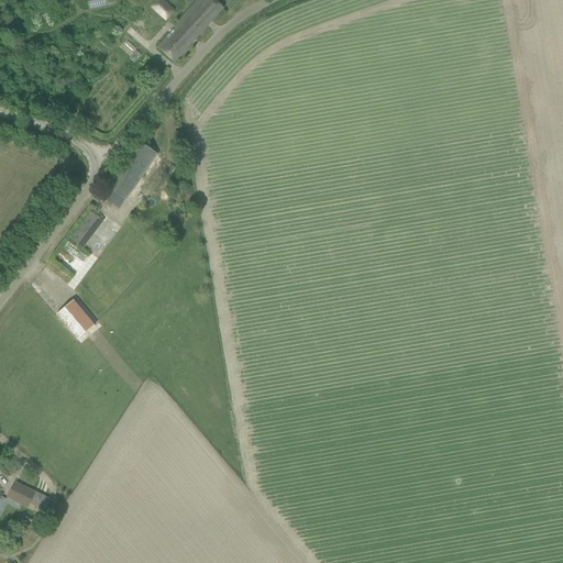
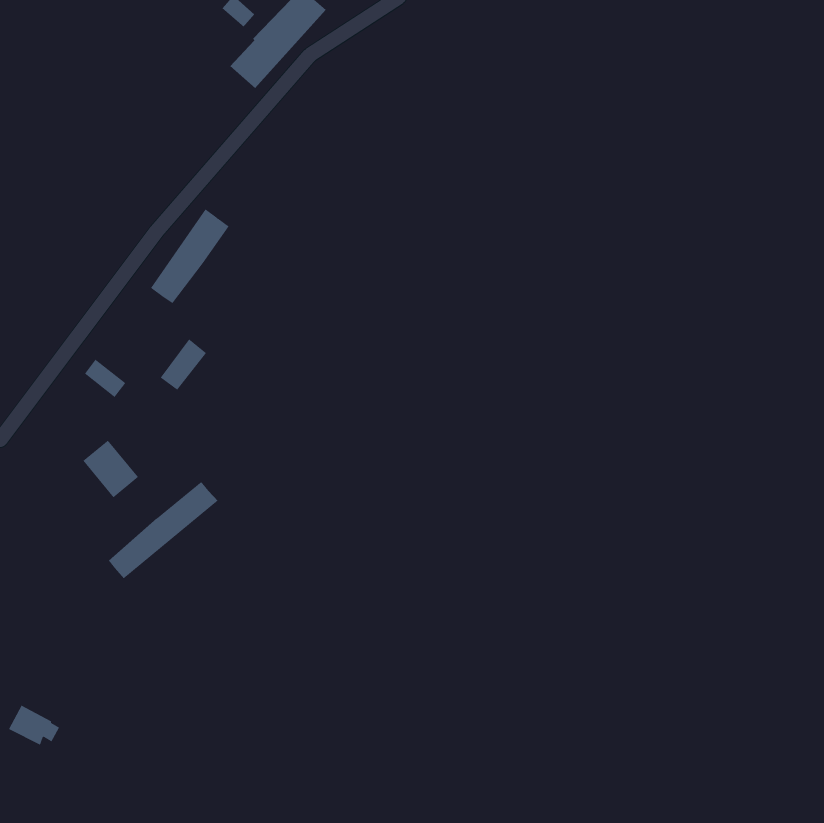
building: [73,211,104,246] -> [160,339,207,390]
building: none -> [108,481,219,579]

